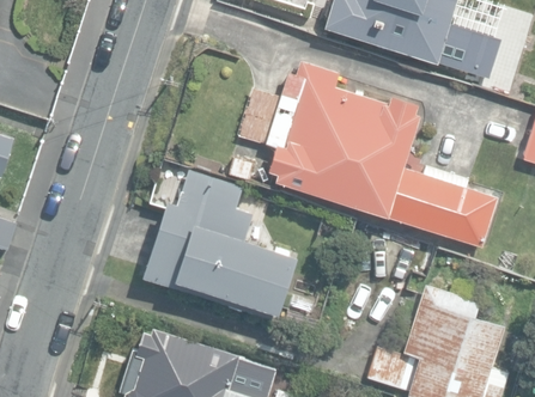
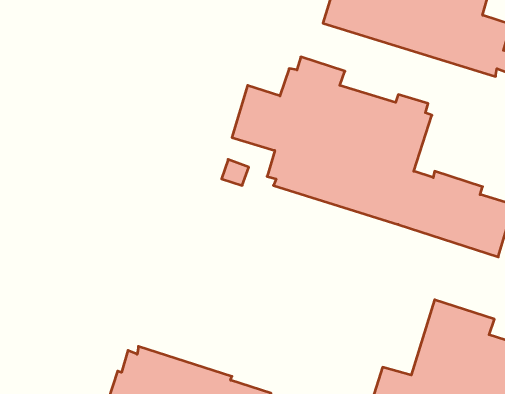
building: [140,170,296,314] -> none

